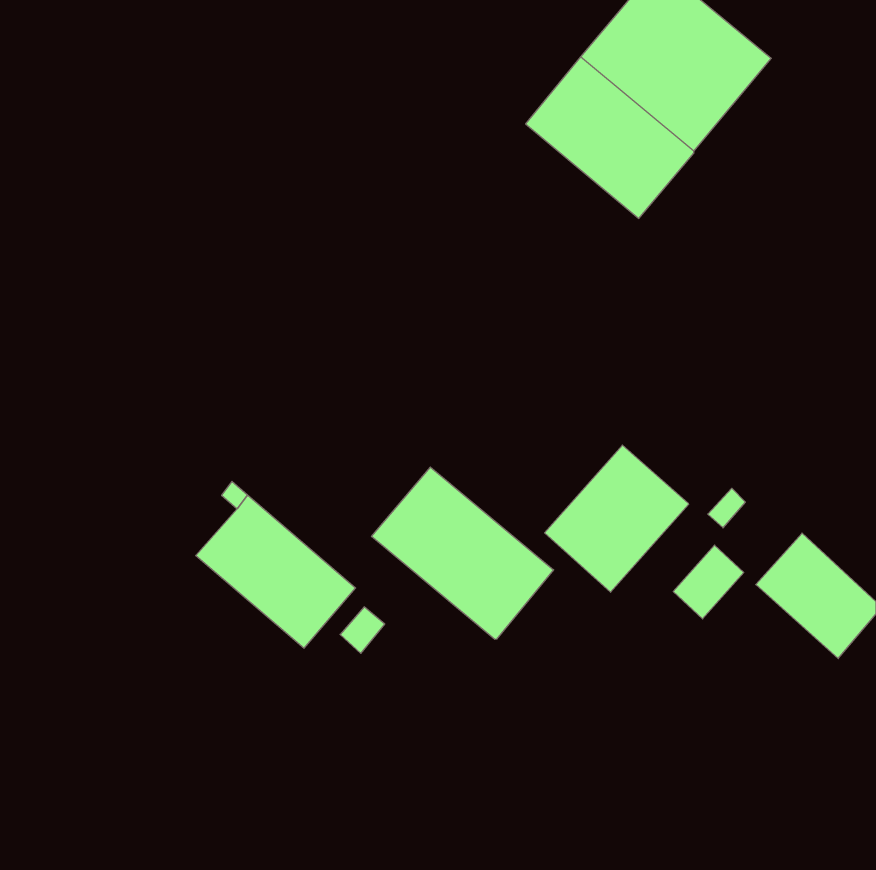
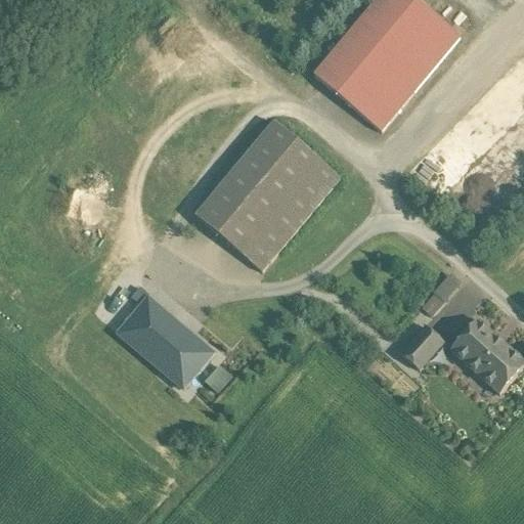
building: none -> [195,120,340,269]
building: [545,445,688,592] -> none
building: [372,467,554,639] -> none

